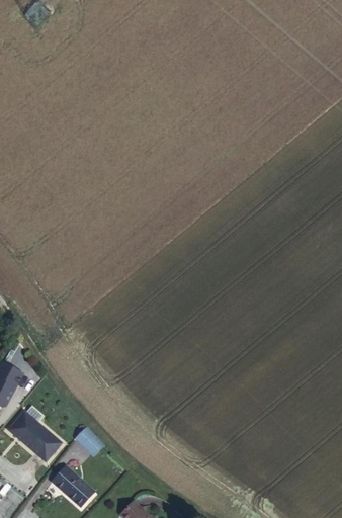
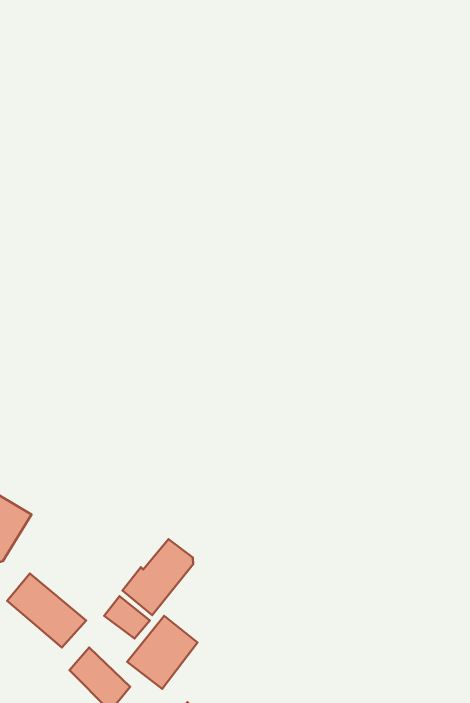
building: none -> [123,539,193,615]
building: none -> [127,616,198,689]

